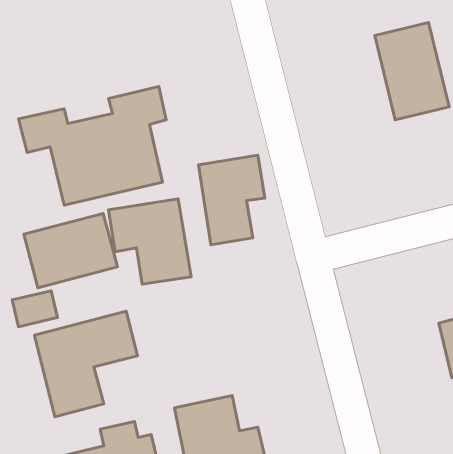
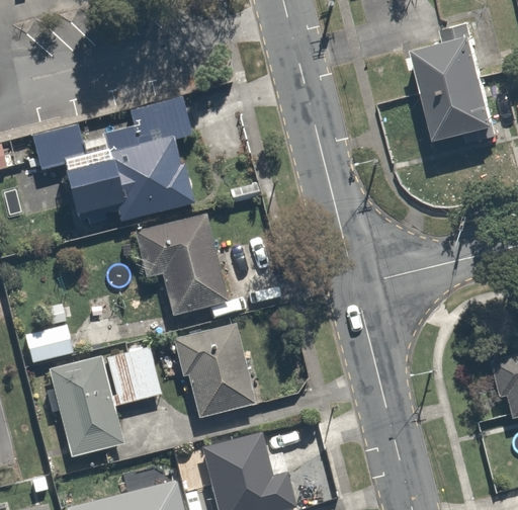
building: [199,155,265,245] -> none
building: [24,213,117,288] -> none
building: none -> [164,322,257,420]

